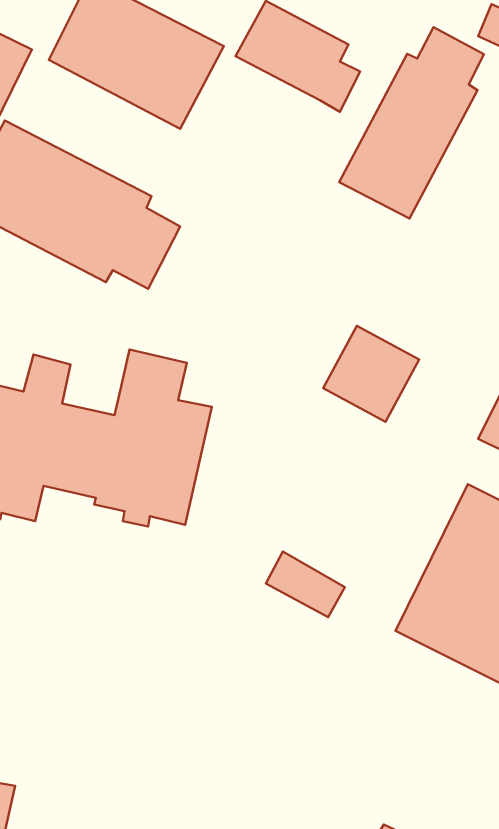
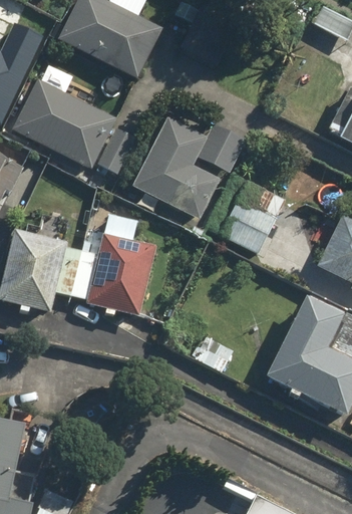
building: [339,27,484,219] -> none
building: none -> [131,97,247,223]

